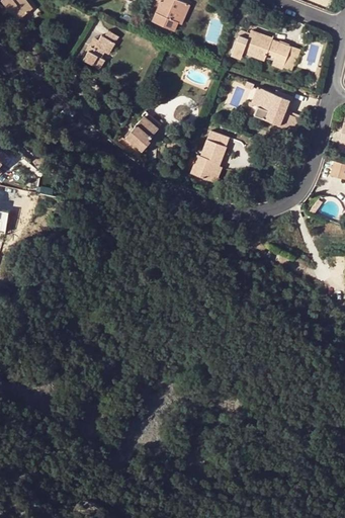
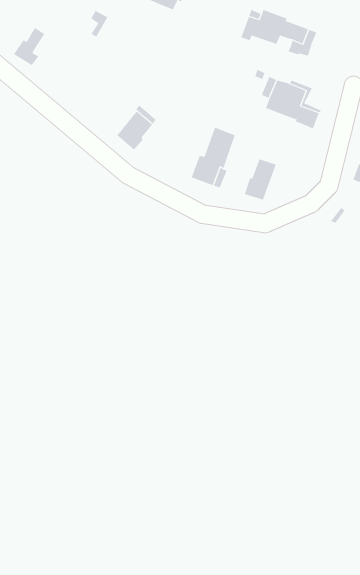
building: [81,36,108,70] -> [13,27,45,66]
building: none -> [244,158,277,200]

